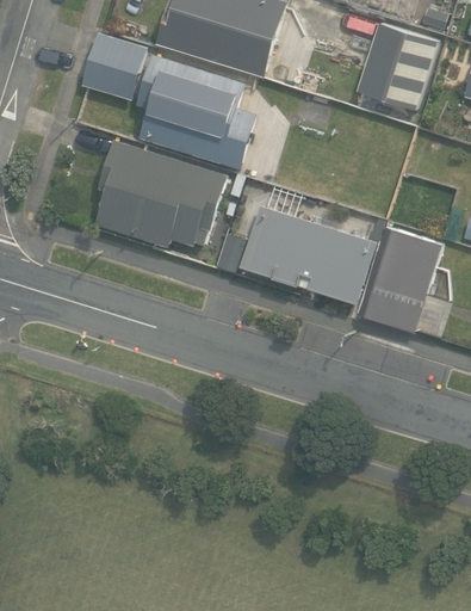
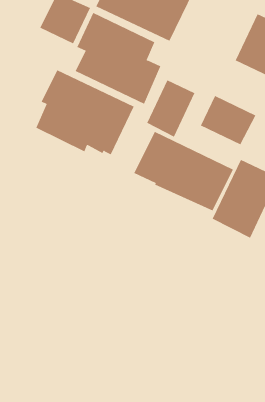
building: none -> [147,79,195,137]
building: none -> [200,95,256,145]

